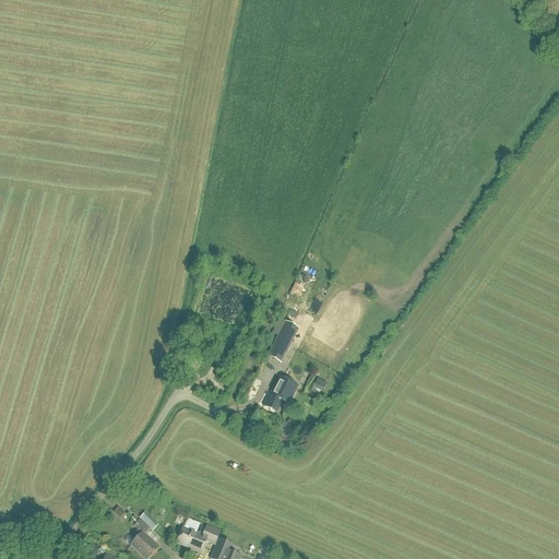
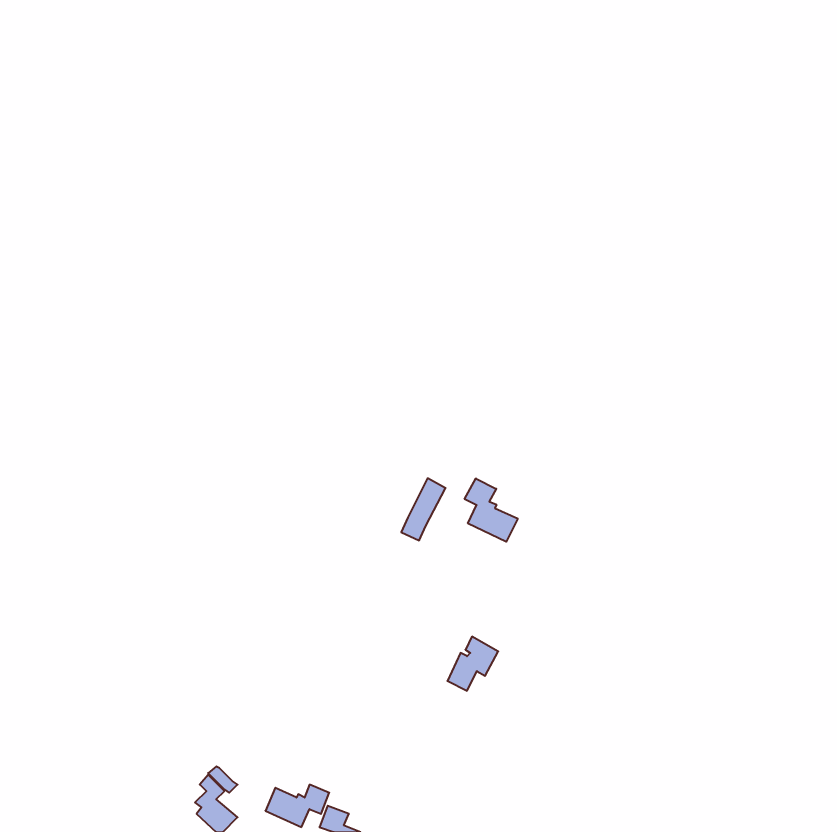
building: none -> [465,478,518,542]
building: [263,374,297,411] -> [447,637,498,691]

